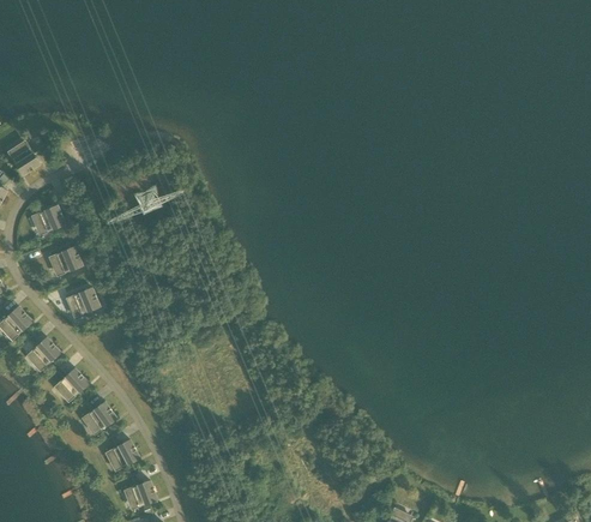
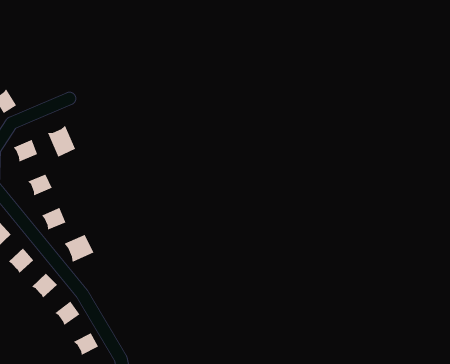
building: none -> [43,122,76,158]
building: none -> [61,234,94,267]

